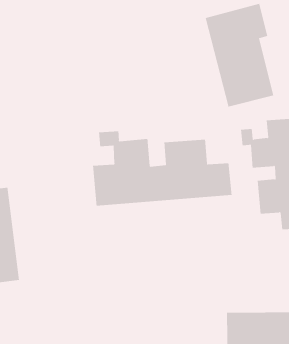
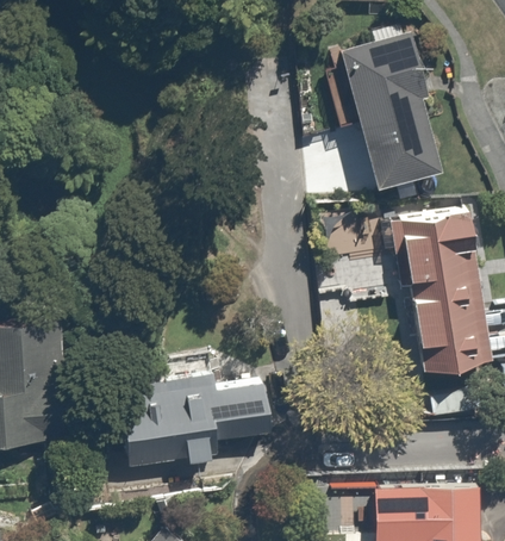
building: [93,130,232,207] -> none
building: none -> [121,379,278,472]

